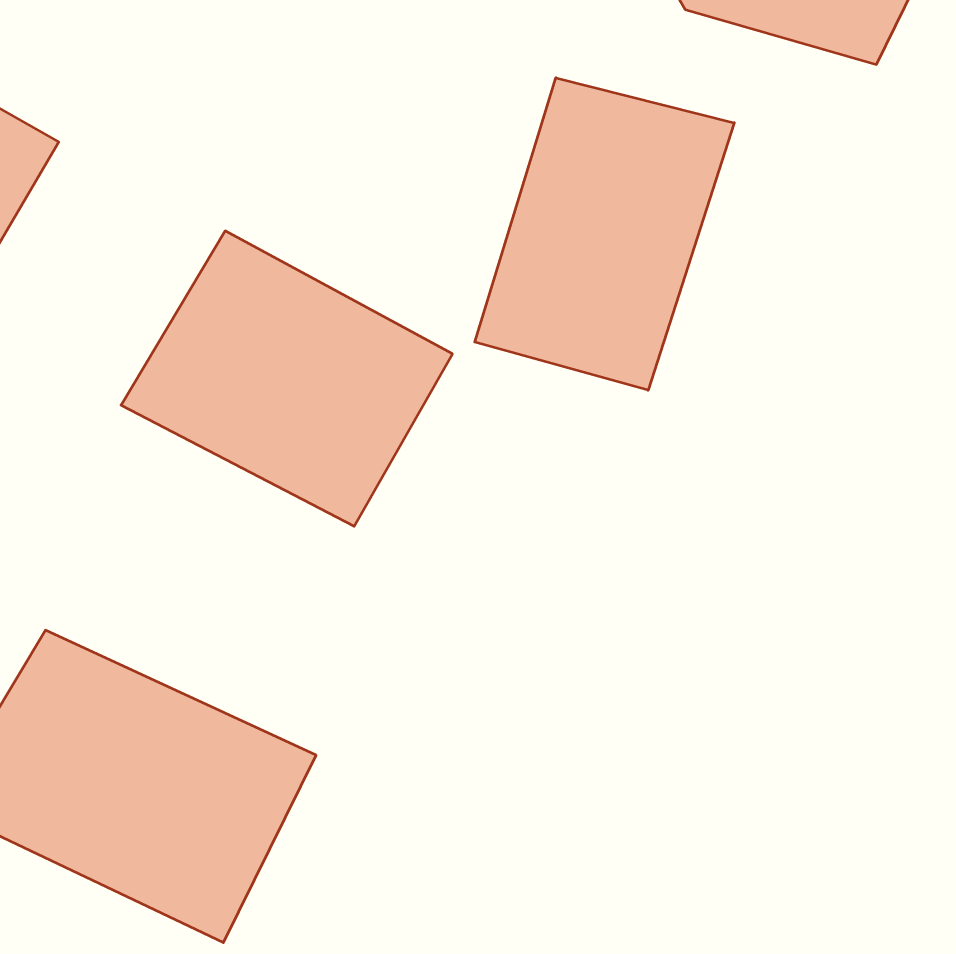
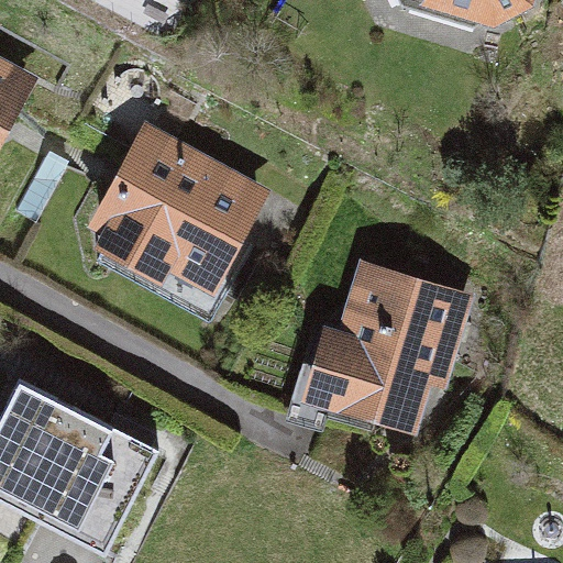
building: [475,78,734,390] -> none
building: none -> [305,260,473,449]

